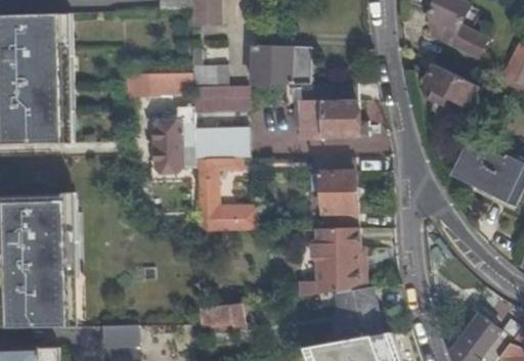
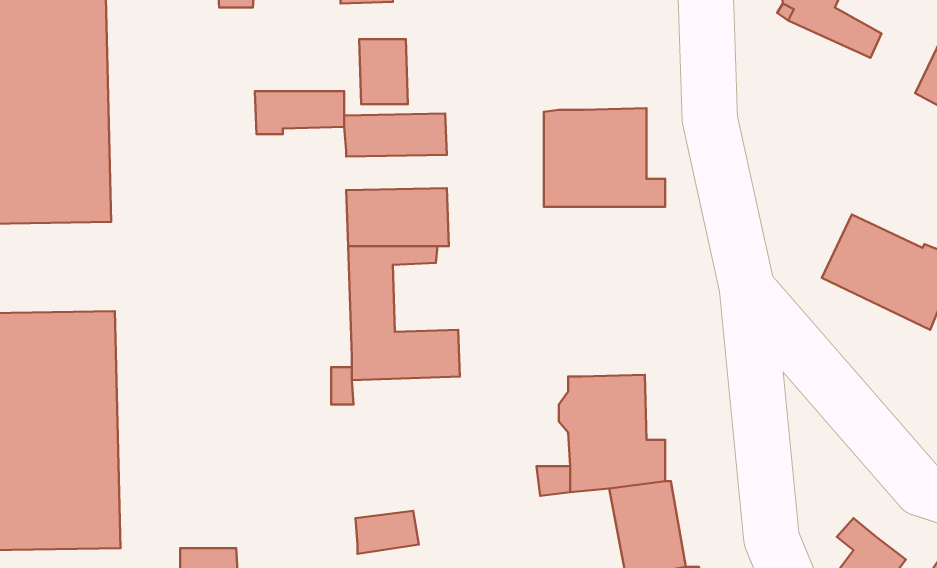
building: [251,46,311,86] -> none
building: [425,63,482,108] -> none
building: [152,106,193,169] -> none
building: [311,157,356,230] -> none

